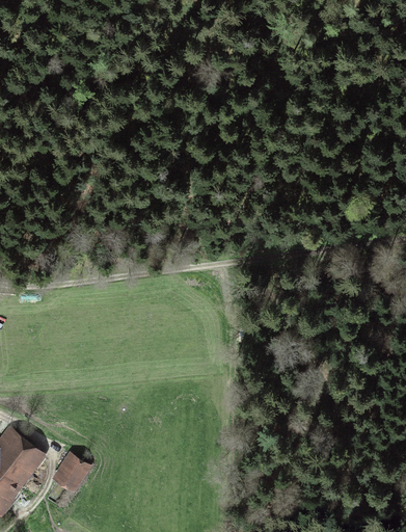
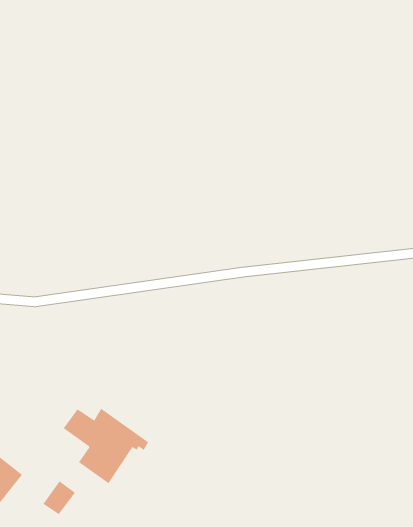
building: none -> [63,408,149,484]

